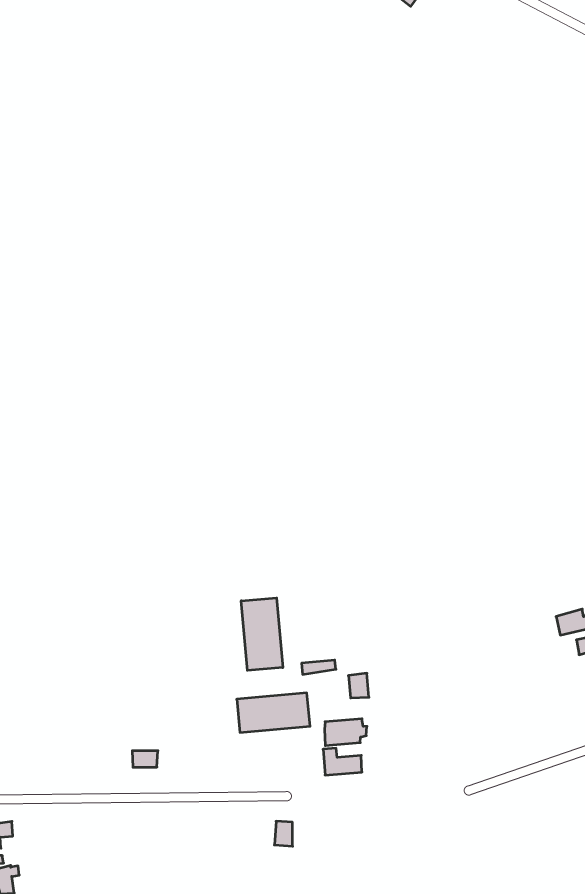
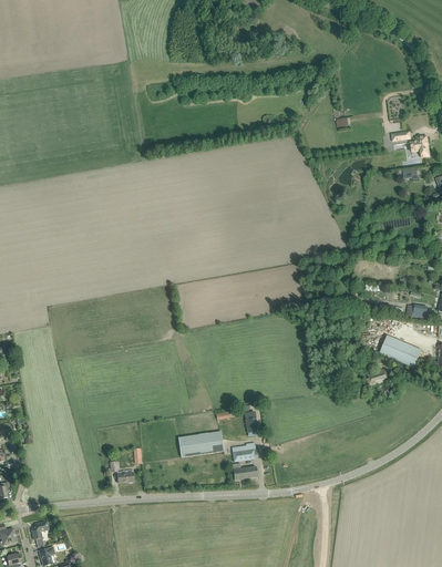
building: [241,598,283,670] -> none

